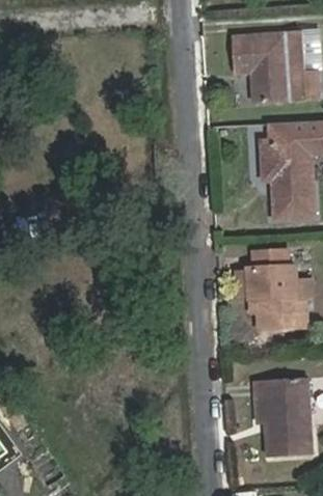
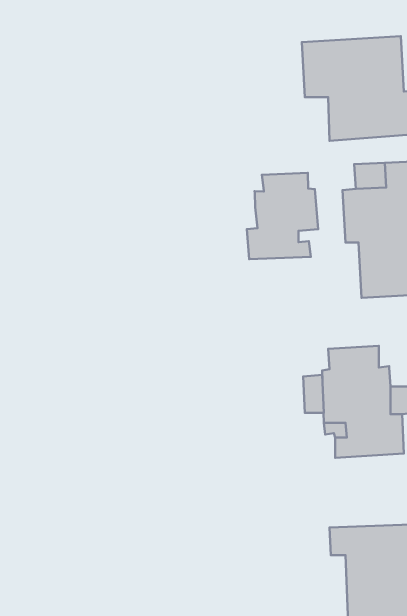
building: none -> [247,173,318,259]

